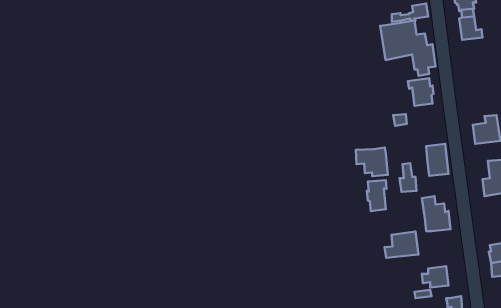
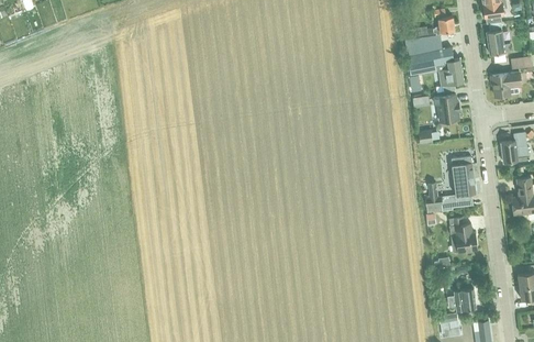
building: none -> [491,71,520,96]
building: [356,148,388,176] -> none
building: [367,180,387,211] -> none
building: [384,231,418,258] -> none

